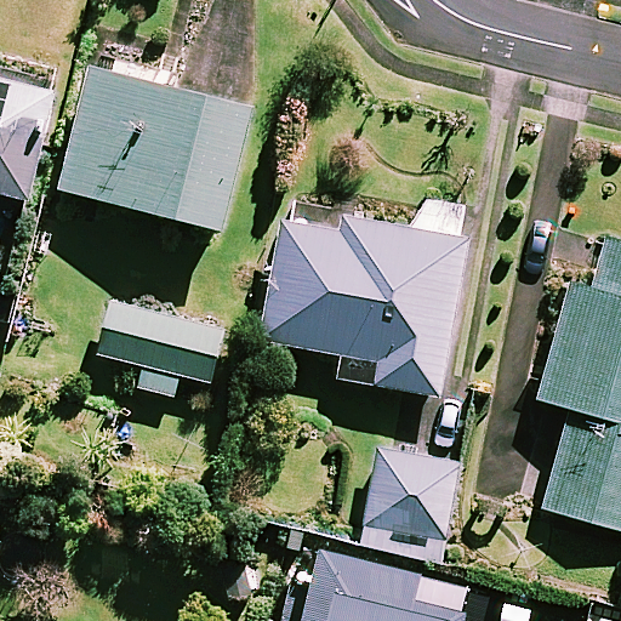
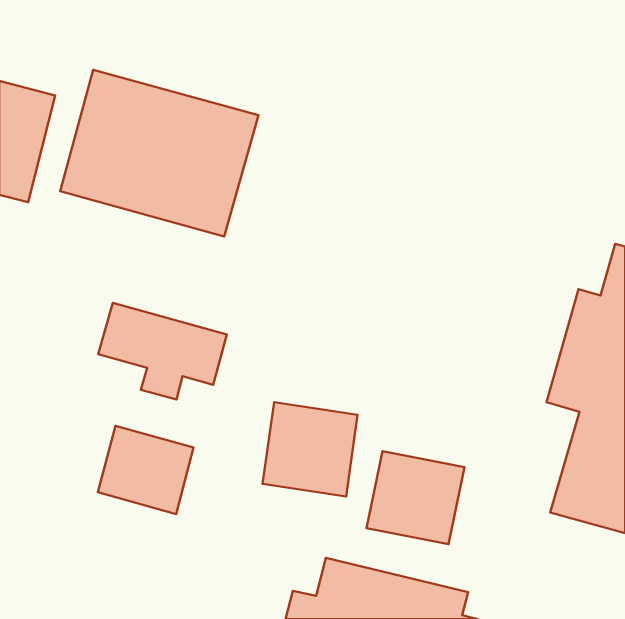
building: [263,196,473,394] -> none
building: none -> [263,402,358,497]
building: none -> [98,426,194,514]

